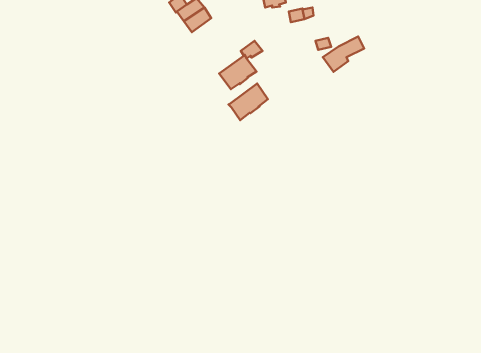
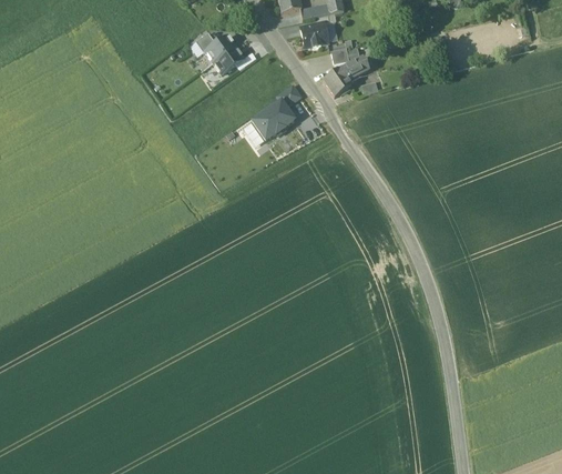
building: [323,37,364,72] -> [323,56,369,95]
building: [228,84,268,120] -> none

